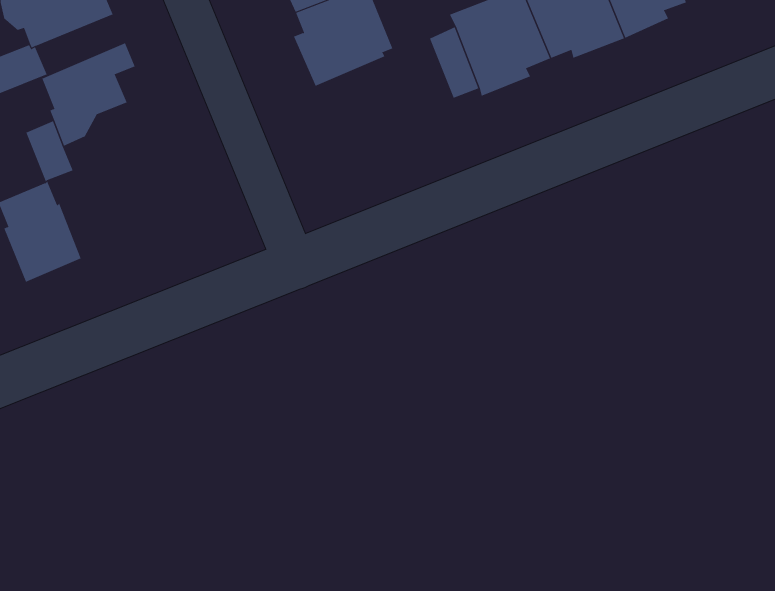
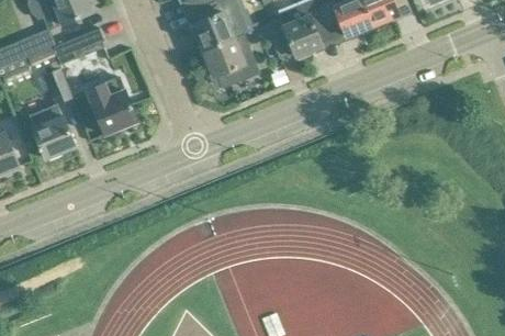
building: none -> [204,35,258,87]
building: none -> [88,77,137,135]

